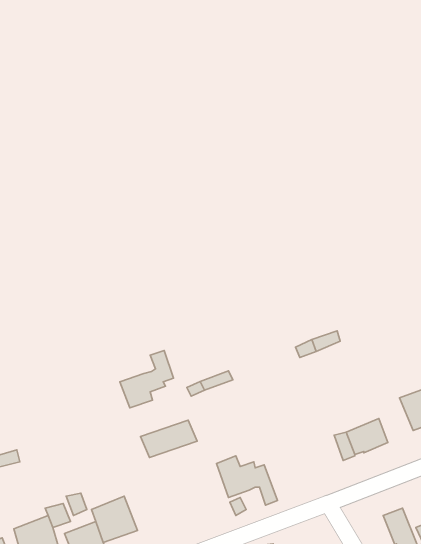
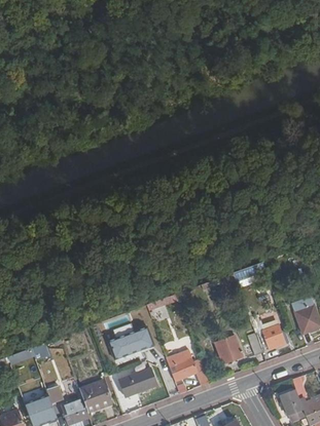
building: [120,351,174,408] -> none
building: none -> [214,336,243,364]
building: none -> [119,367,156,396]

